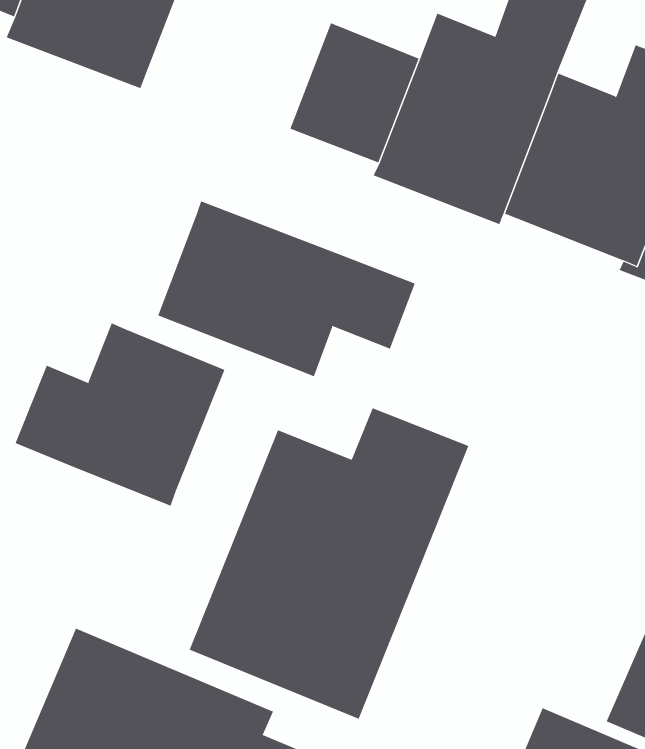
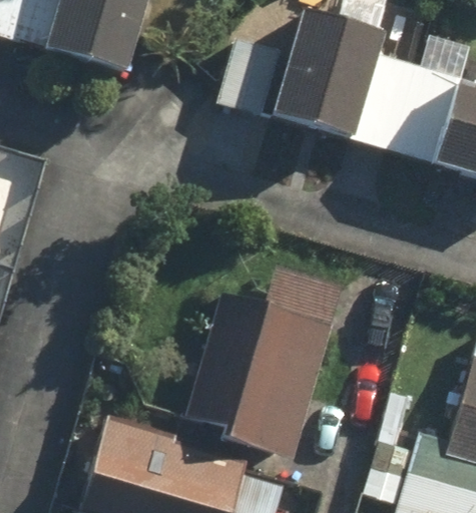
building: [158,201,415,377] -> none
building: [15,323,225,506] -> none

